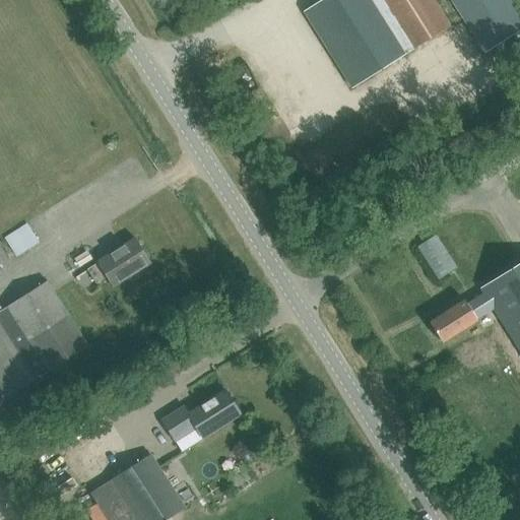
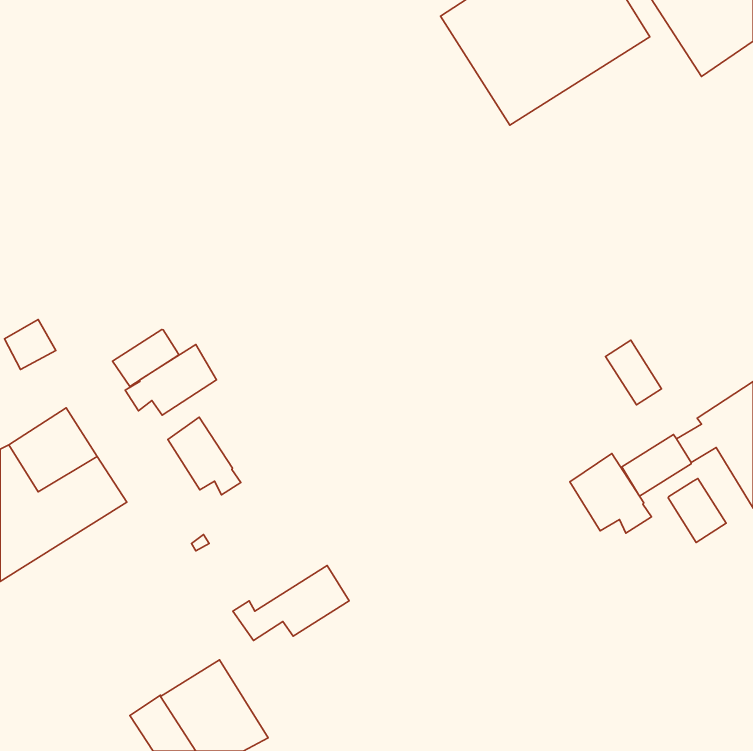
building: none -> [113,329,179,386]
building: none -> [168,417,241,495]
building: none -> [570,453,652,533]
building: none -> [668,478,726,542]

